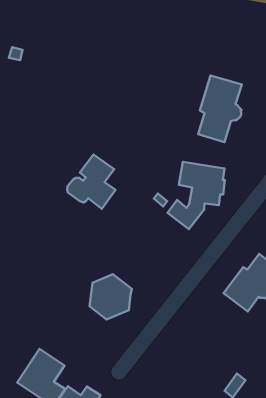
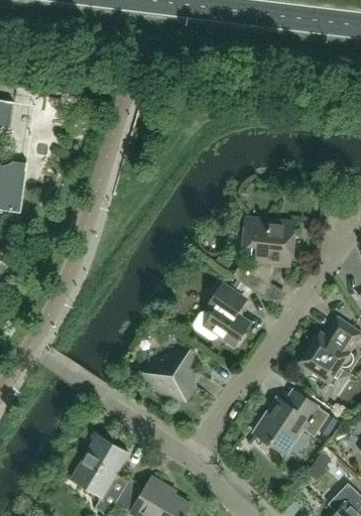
building: [198,75,242,142] -> none
building: [67,155,116,209] -> [195,284,249,345]
building: none -> [254,389,335,454]

